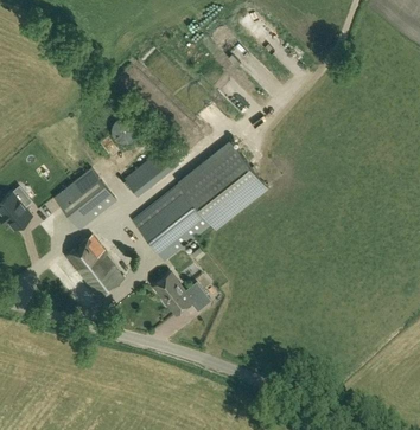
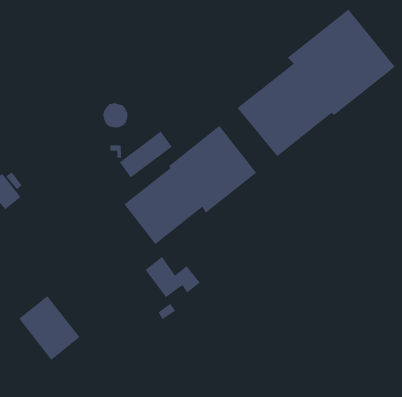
building: none -> [237,9,396,157]
building: [53,169,114,229] -> none
building: [64,233,127,300] -> [18,295,80,361]

